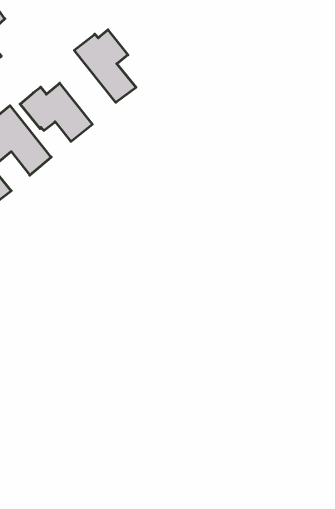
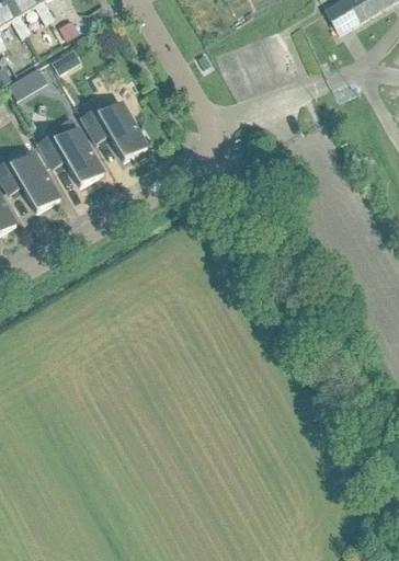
building: [74,30,136,102] -> none

